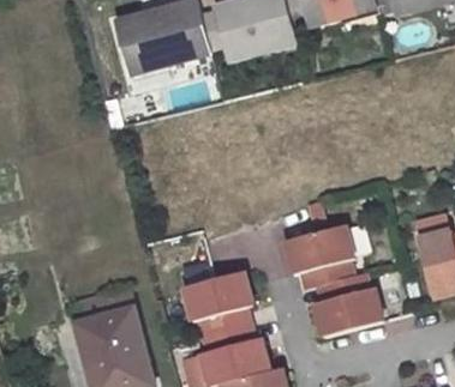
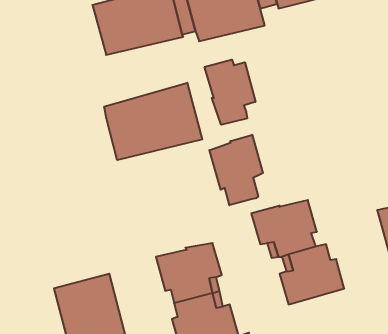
building: none -> [205,60,255,125]
building: none -> [104,83,202,160]
building: none -> [209,135,263,205]

